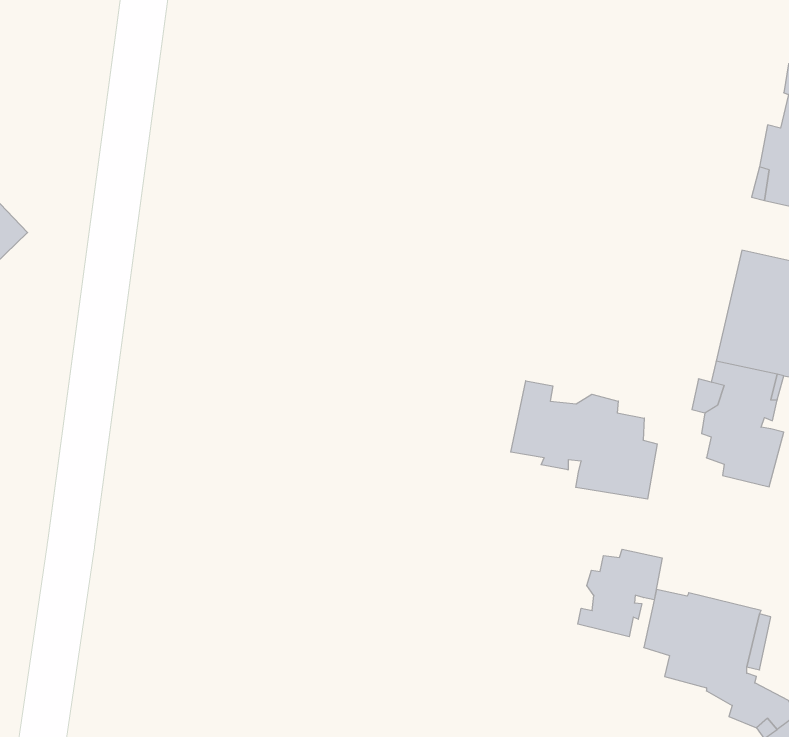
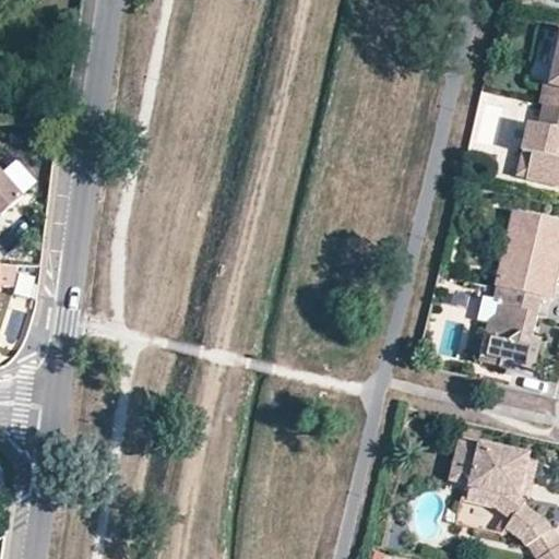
building: [511,381,657,499] -> none
building: [578,549,662,637] -> none

